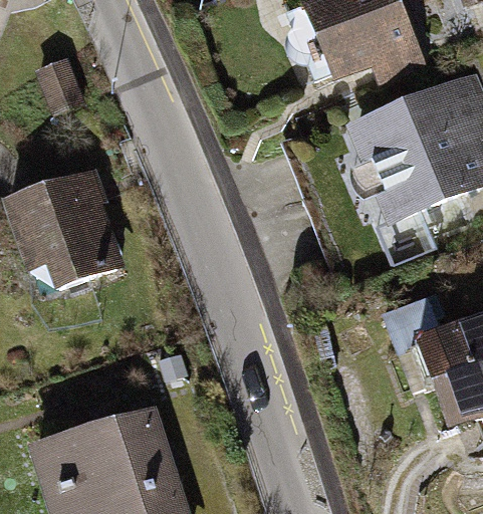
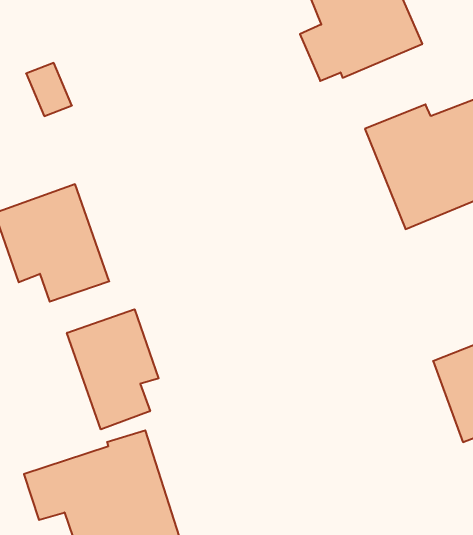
building: none -> [67,309,159,429]

